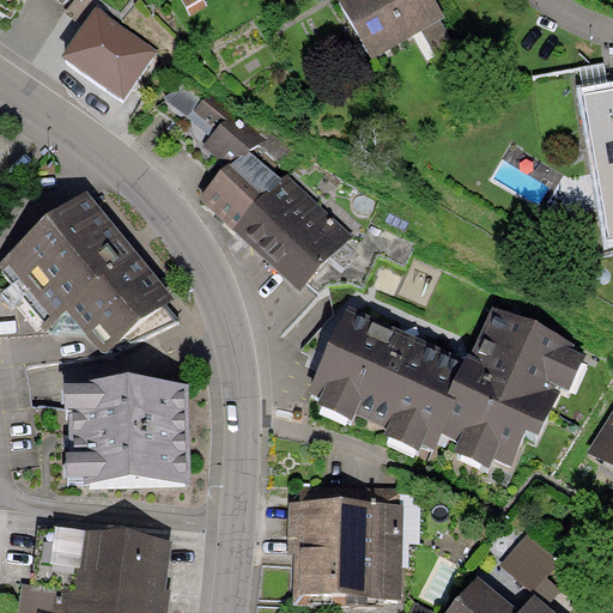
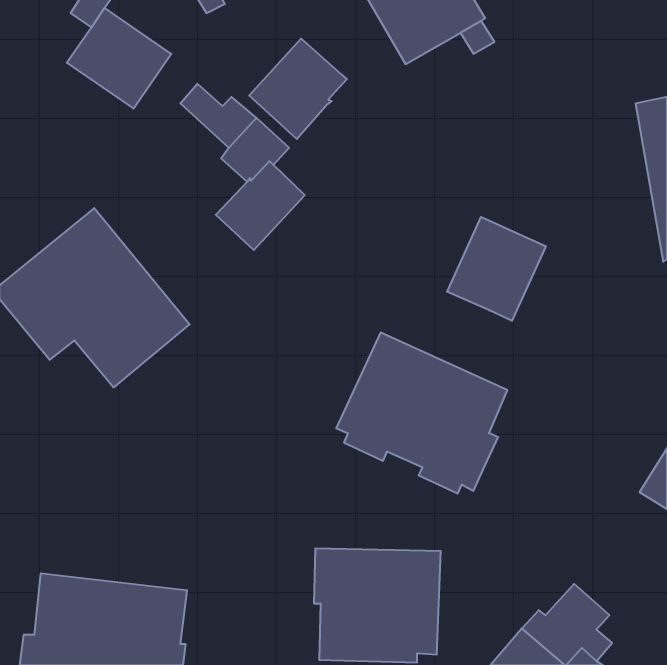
building: none -> [249,39,347,139]
building: [232,171,352,291] -> none
building: none -> [447,217,546,321]
building: [441,306,584,468] -> none
building: [63,382,189,485] -> none

